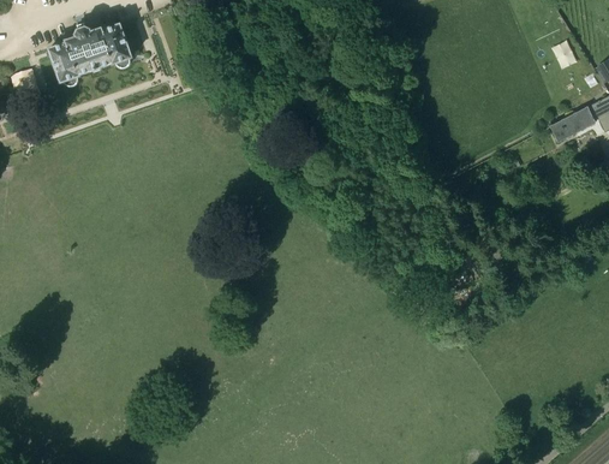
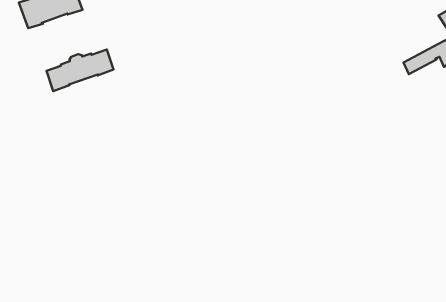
building: none -> [46,49,114,91]

